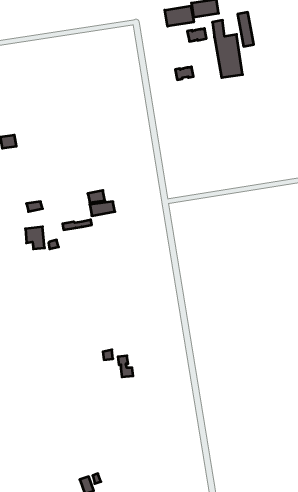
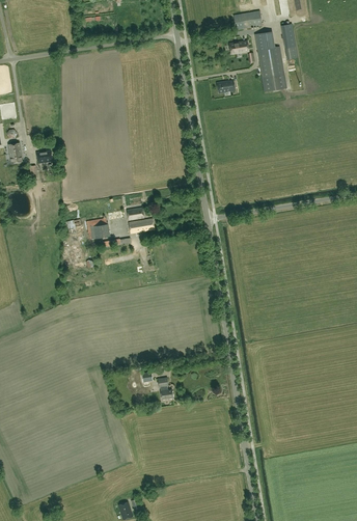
building: [165,6,194,26] -> none
building: none -> [86,218,110,240]

